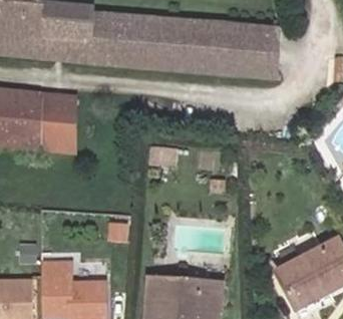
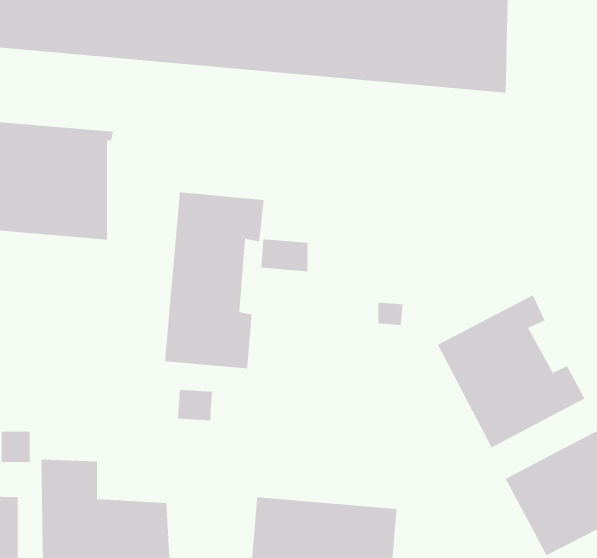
building: none -> [164,192,265,369]
building: none -> [437,294,585,448]

